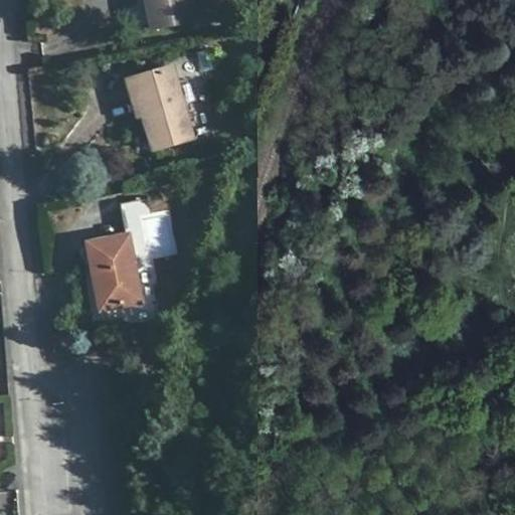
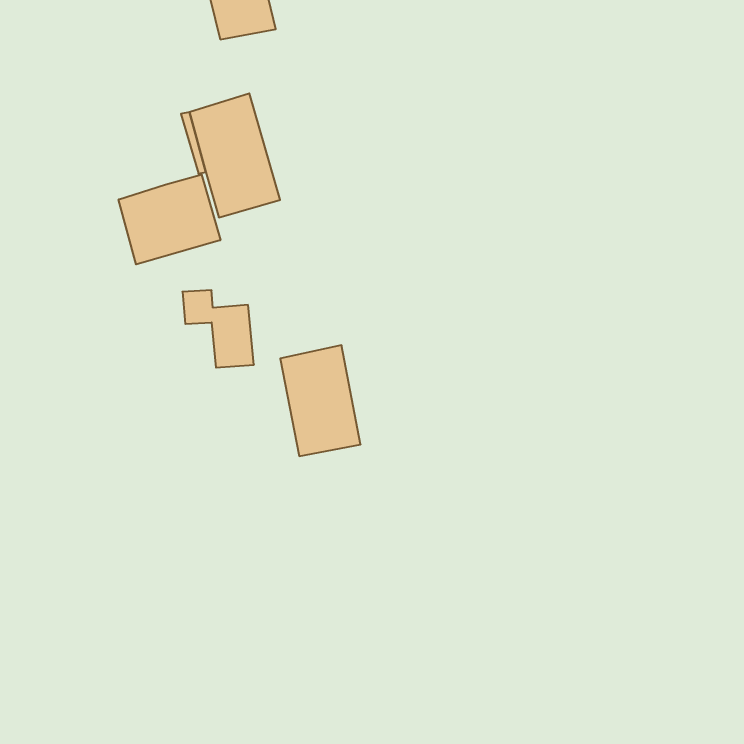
building: none -> [119,174,220,264]
building: [85,234,141,311] -> [280,345,361,456]

